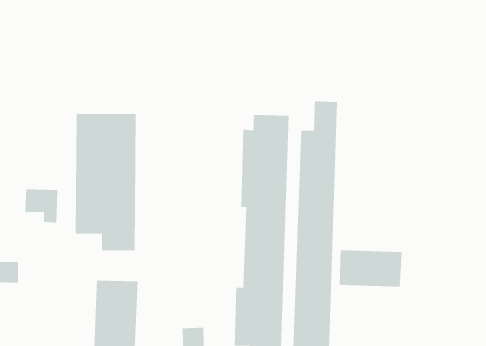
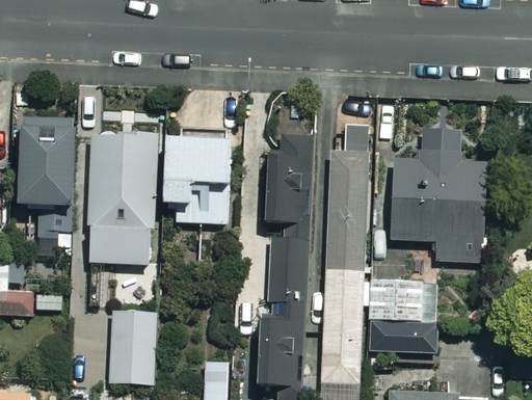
building: none -> [19,118,75,206]
building: none -> [164,136,230,222]
building: none -> [391,154,485,261]
building: none -> [369,320,438,357]

